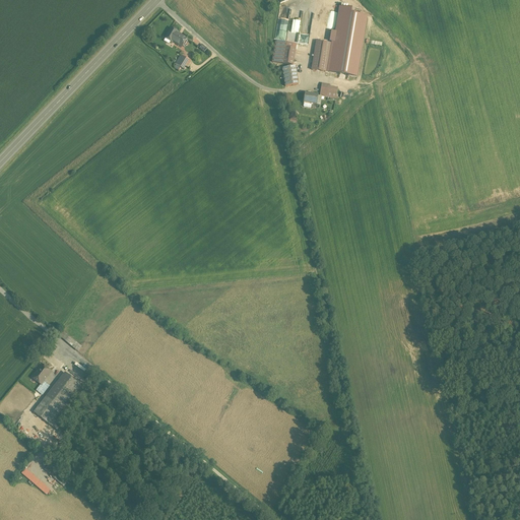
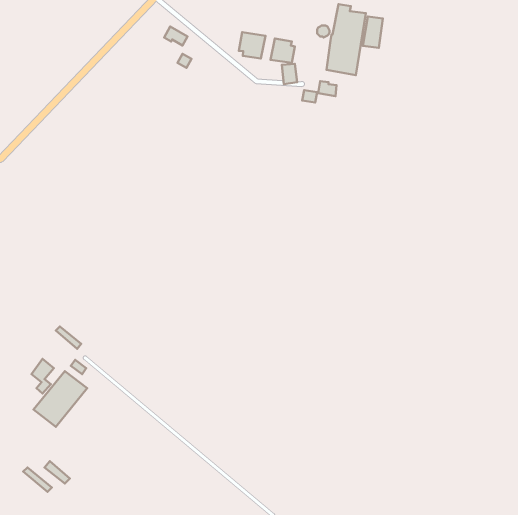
building: none -> [239,32,266,59]
building: [311,39,331,70] -> [363,17,383,48]

